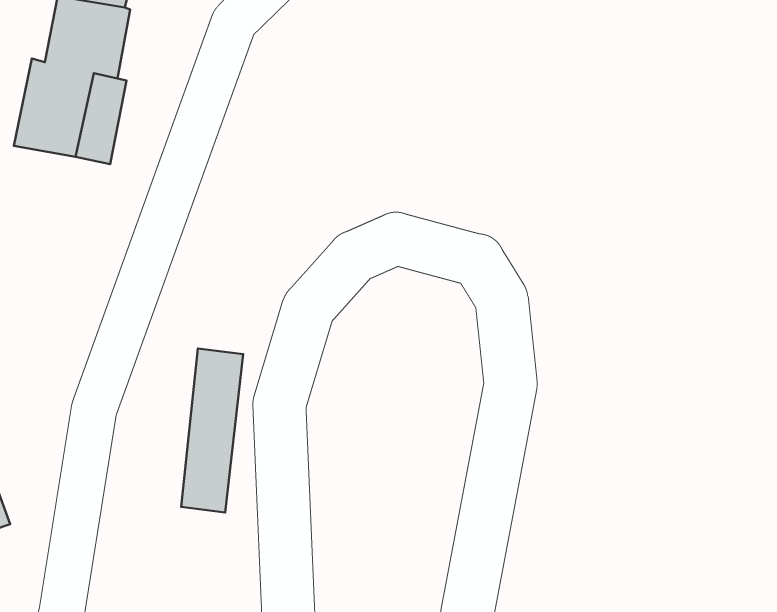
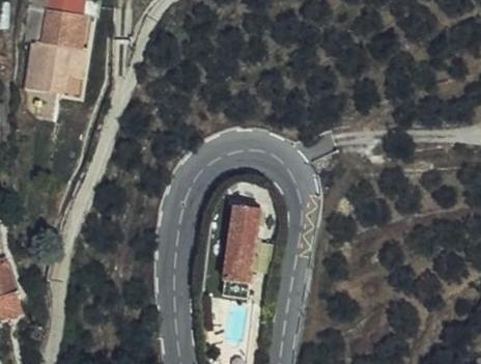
building: [181,349,243,512] -> [227,197,262,290]

